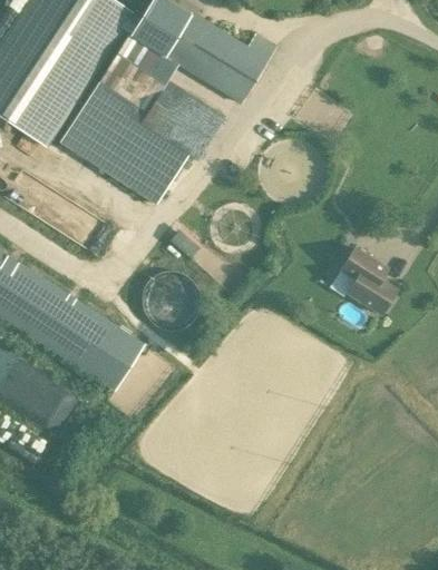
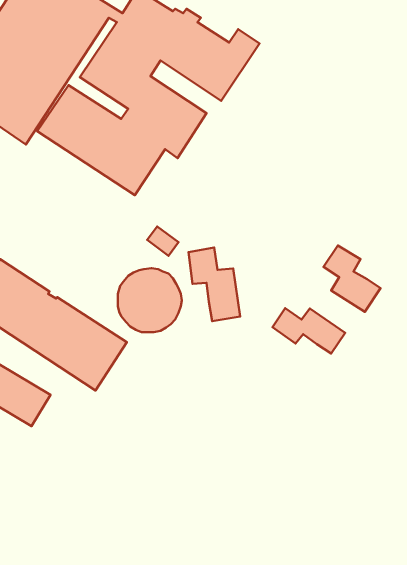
building: none -> [188,248,240,321]
building: none -> [273,308,345,354]

